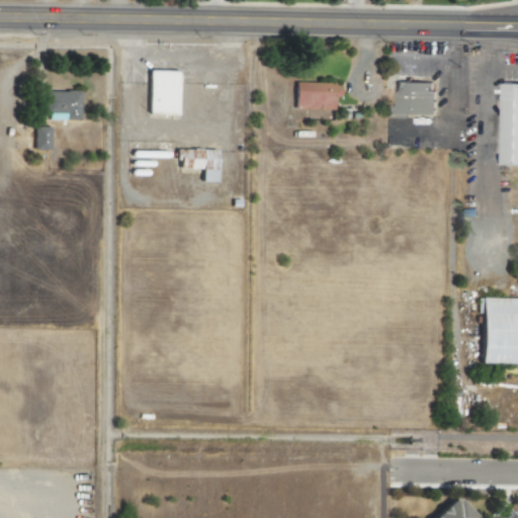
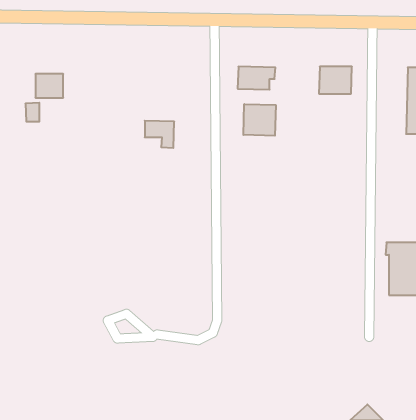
building: [151,70,180,114] -> none
building: none -> [243,104,276,136]

